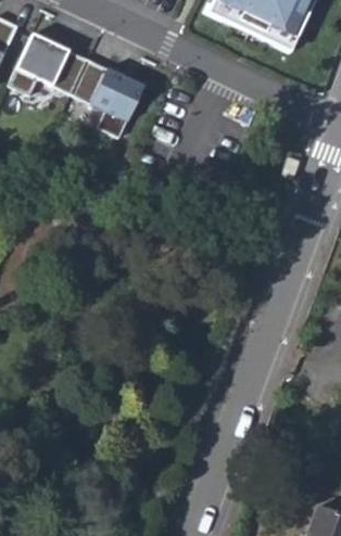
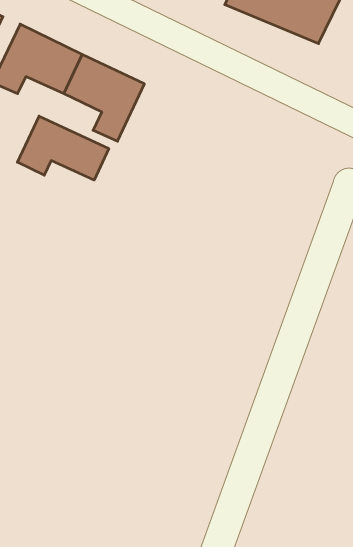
building: none -> [17,116,109,180]

